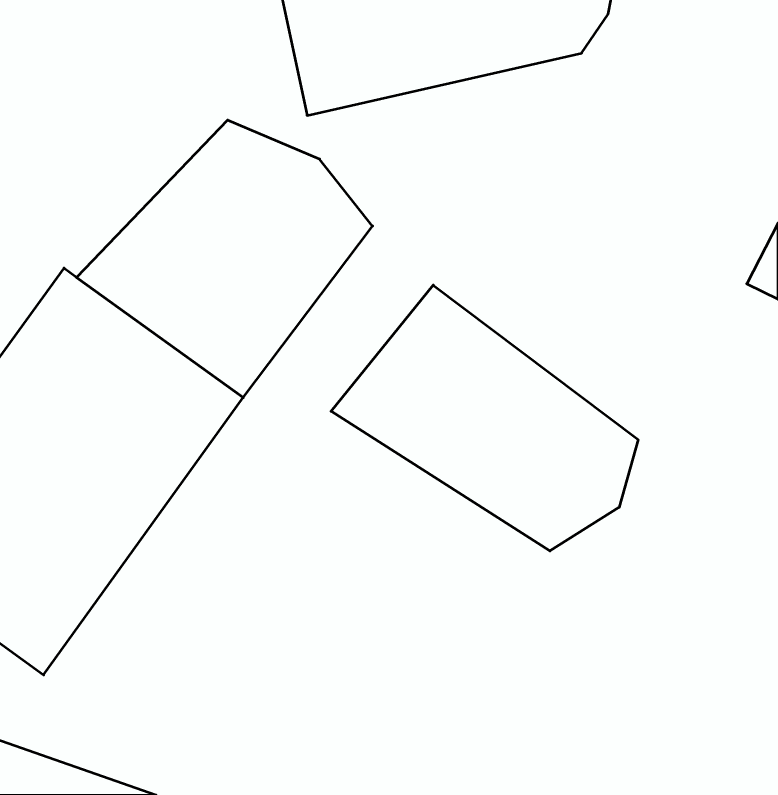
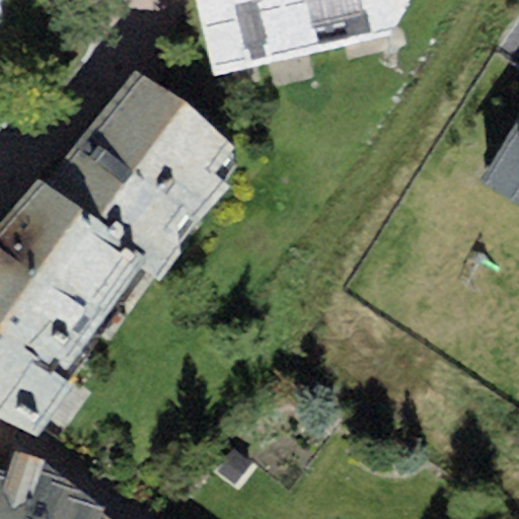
building: [331,285,638,551] -> none

